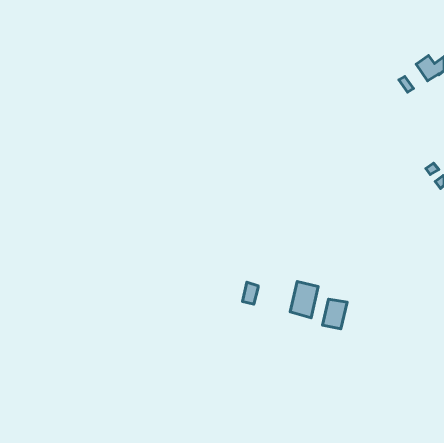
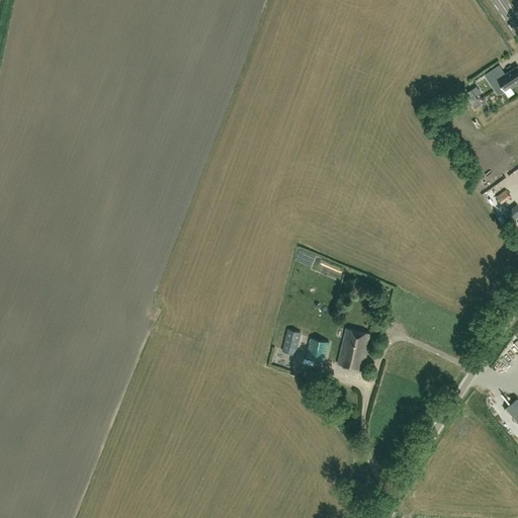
building: none -> [306,338,329,362]
building: [323,299,347,329] -> none

